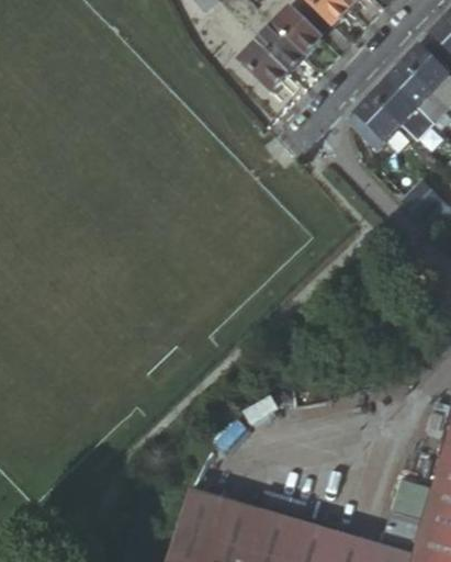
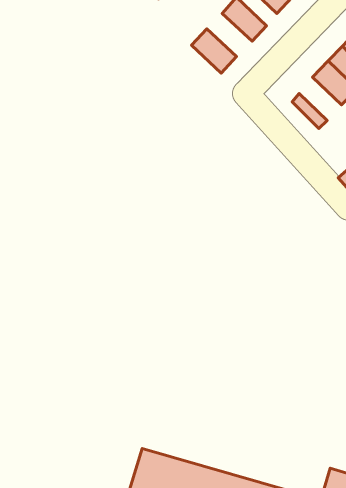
building: [262,31,311,77] -> none
building: [359,99,406,145] -> none

